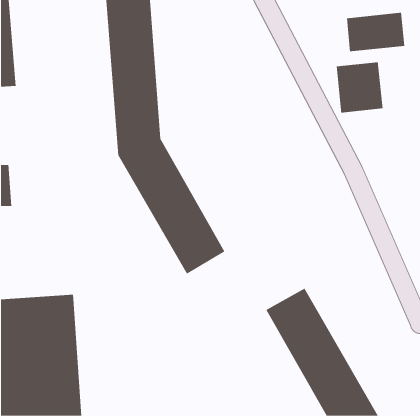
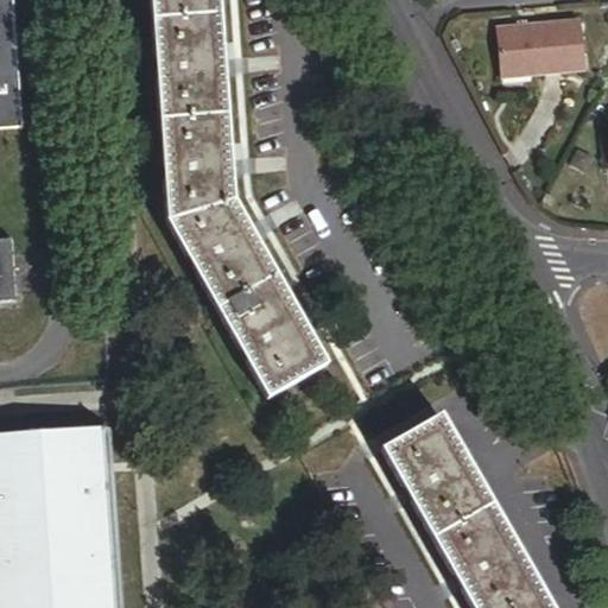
building: [336,61,383,113] -> none

